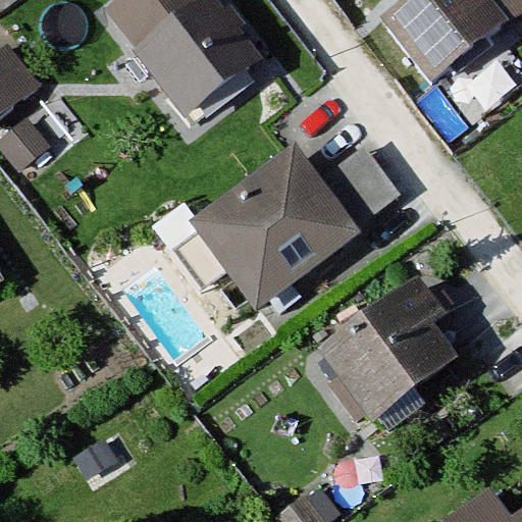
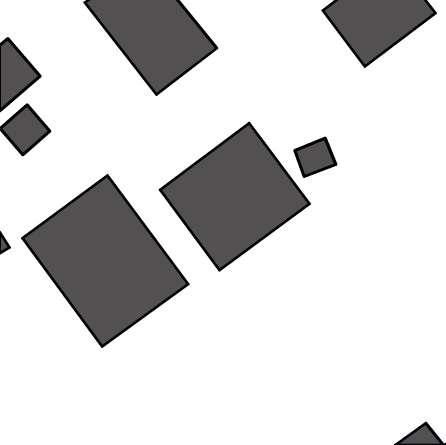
building: none -> [22,175,188,347]
building: [313,274,465,421] -> none

